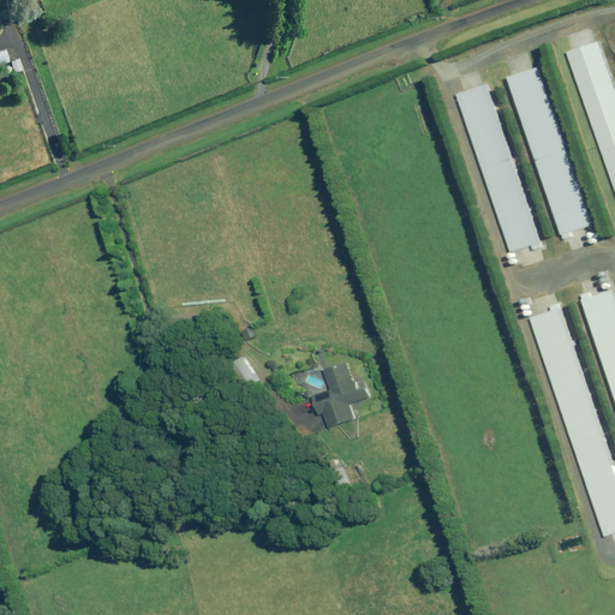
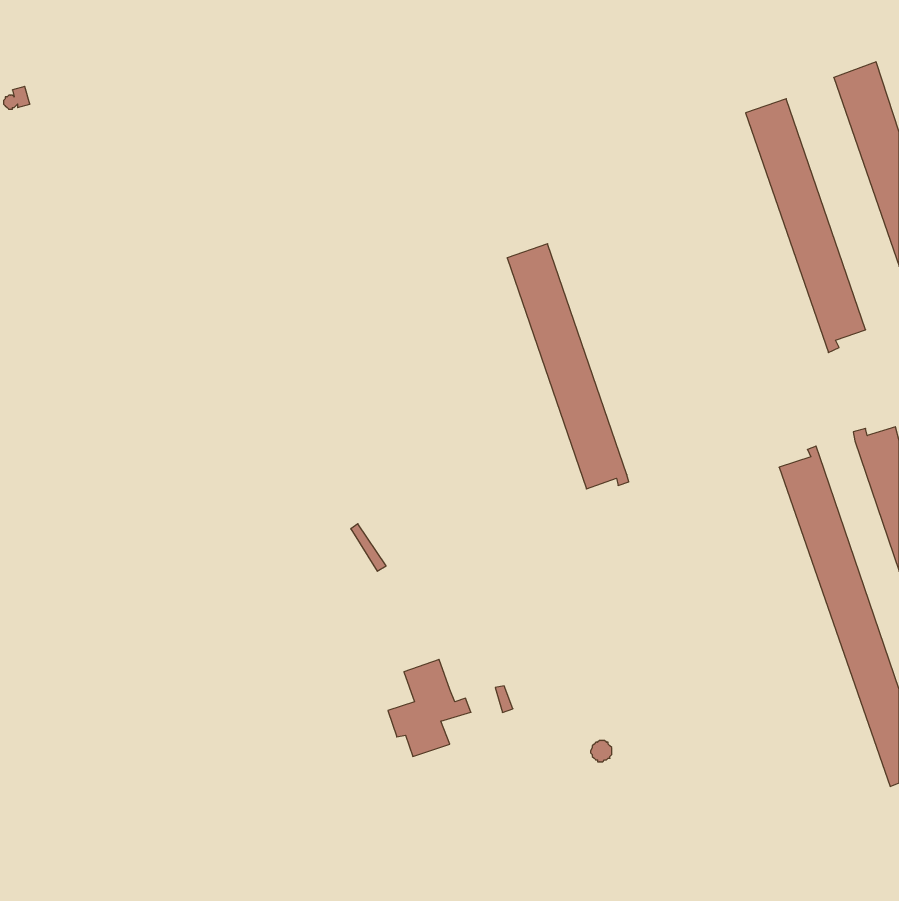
building: [458,85,541,252] -> [507,244,629,489]
building: [312,362,369,428] -> [388,659,471,756]

